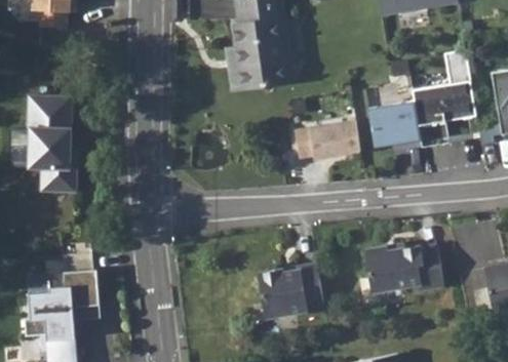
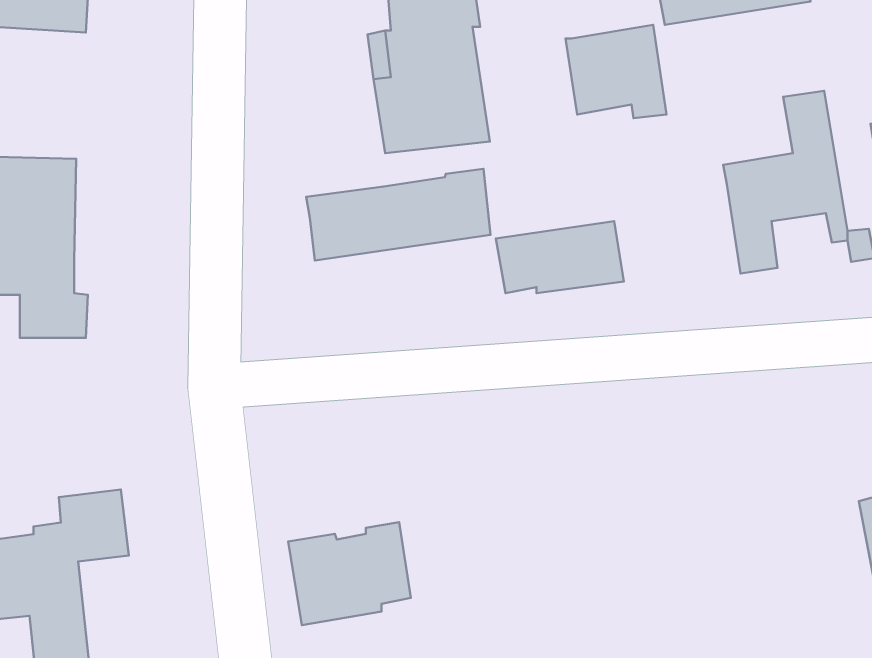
building: none -> [306,169,491,261]
building: [368,103,422,152] -> [566,25,667,118]
building: [364,245,443,291] -> none
building: [258,263,322,317] -> [288,522,411,625]

